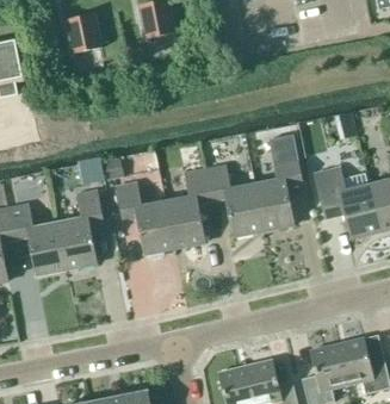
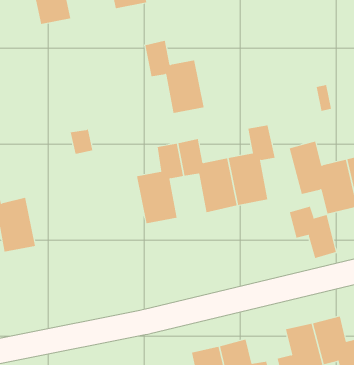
building: [116,181,174,253] -> [145,40,205,114]
building: [57,188,104,268] -> none
building: none -> [289,206,336,259]

